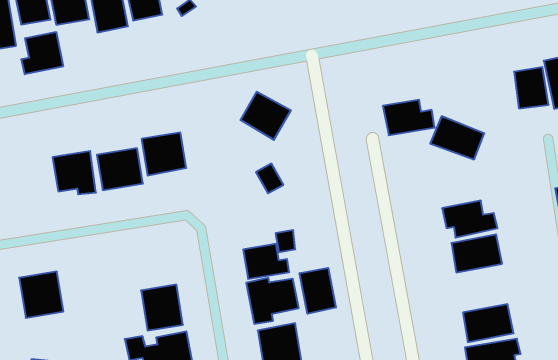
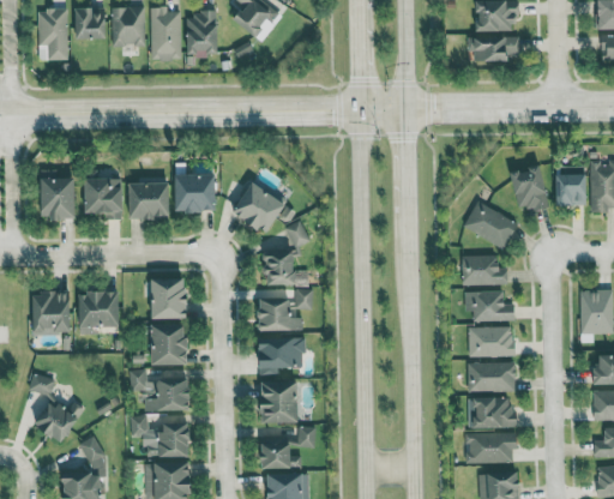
building: [22,32,63,74] -> none
building: none -> [508,166,549,212]
building: [240,92,291,140] -> [234,182,285,233]
building: [383,100,435,135] -> [459,255,507,285]
building: none -> [40,168,77,218]
building: none -> [261,252,308,284]
building: none -> [150,277,187,319]
building: none -> [78,290,120,332]
building: [300,268,336,314] -> none
building: none -> [465,362,514,392]

